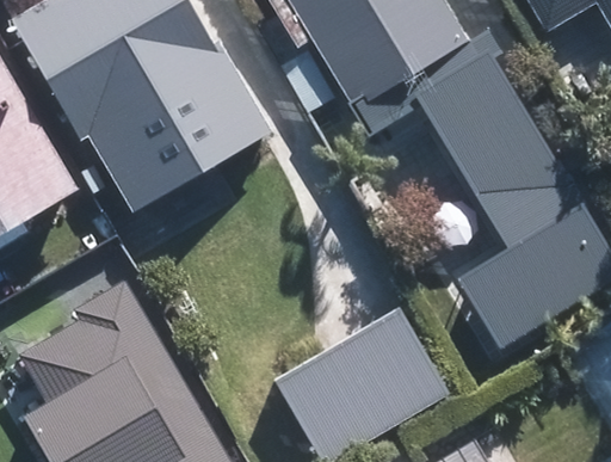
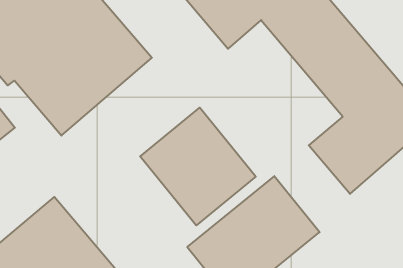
building: none -> [140,108,256,225]

